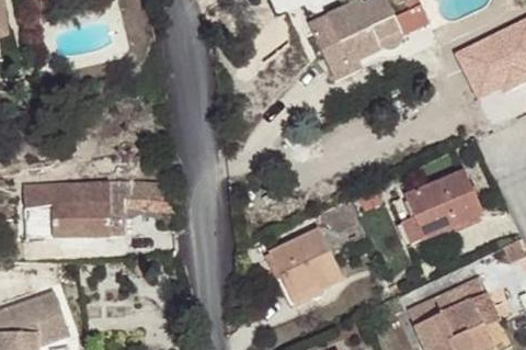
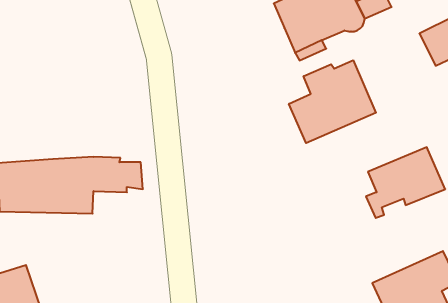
building: none -> [289,60,376,143]
building: [270,229,342,302] -> none

